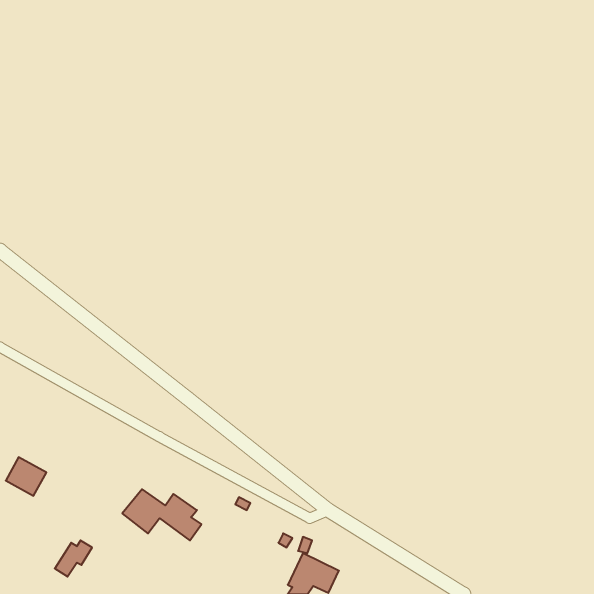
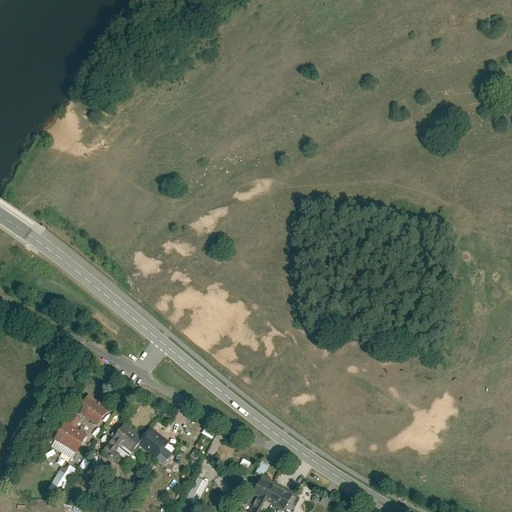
building: [6,457,46,496] -> [53,418,88,451]
building: none -> [76,393,108,424]

